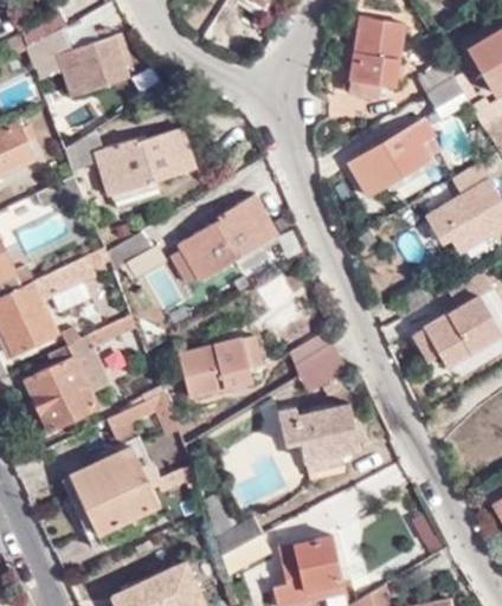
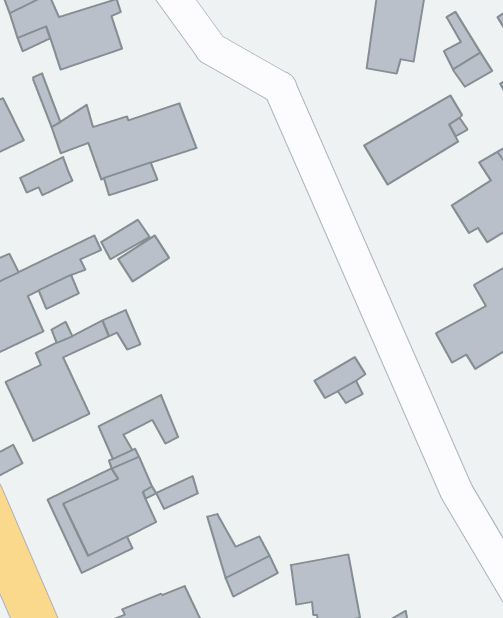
building: [170,194,278,282] -> none
building: [289,334,339,378] -> none
building: [180,335,264,397] -> none
building: [279,405,360,470] -> none

